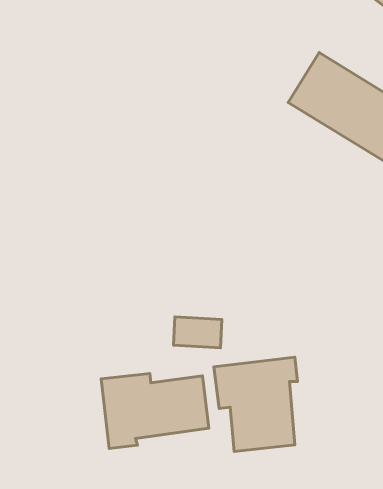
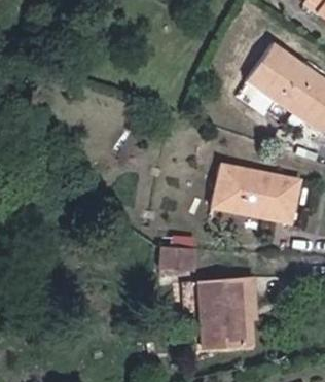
building: none -> [214,164,298,219]
building: [101,373,209,449] -> none

